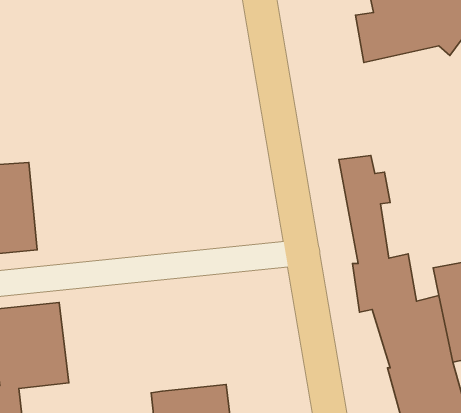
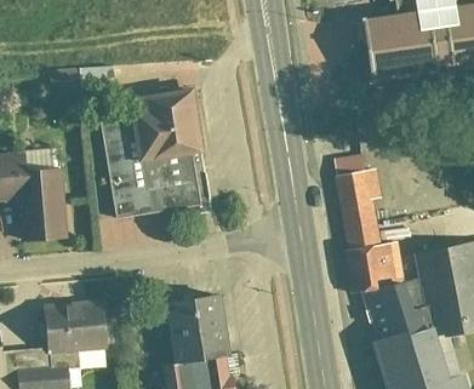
building: none -> [98,74,213,212]
building: none -> [172,293,238,368]

